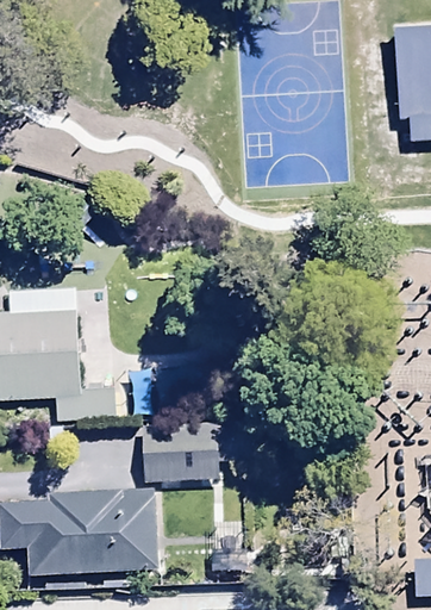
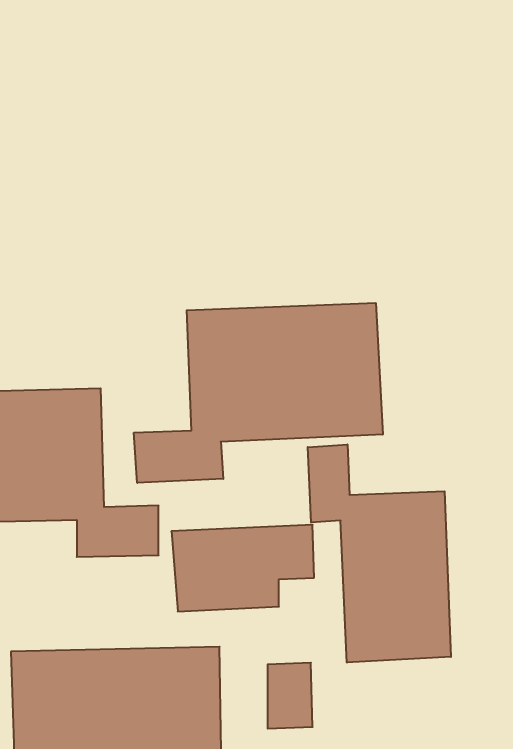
building: none -> [134,303,383,483]
building: none -> [308,444,451,663]

